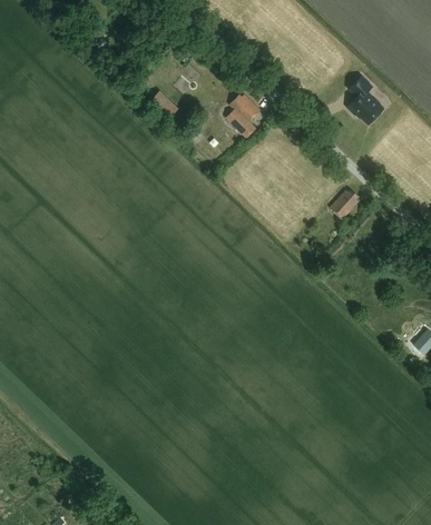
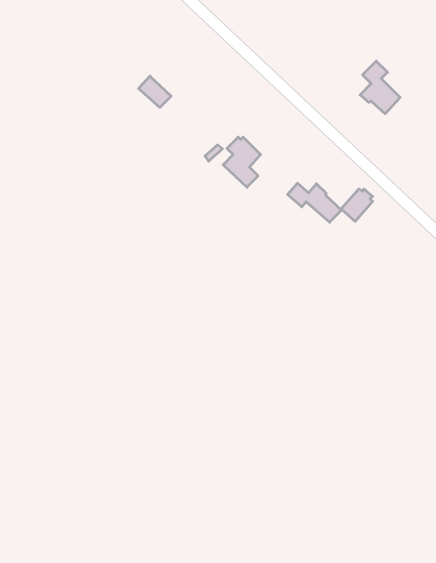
building: [227,95,261,139] -> [223,137,261,187]
building: none -> [288,183,342,222]

